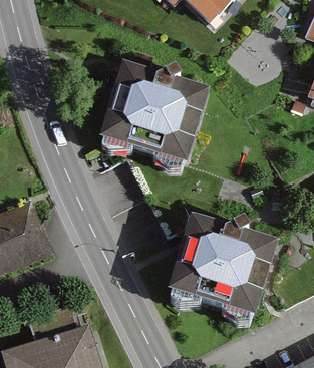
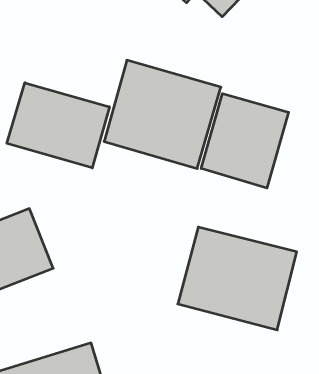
building: none -> [7,83,109,168]
building: none -> [201,94,289,188]

